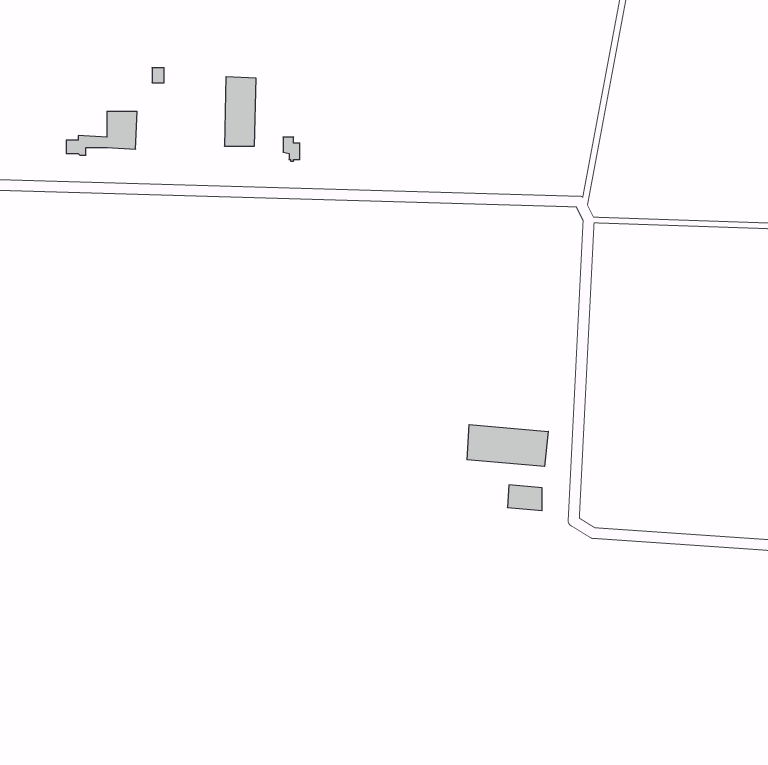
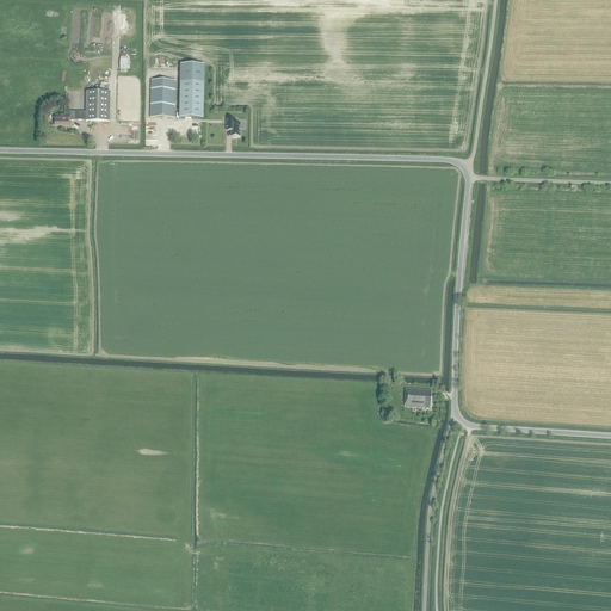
building: none -> [148,76,173,113]
building: [467,425,548,466] -> none

